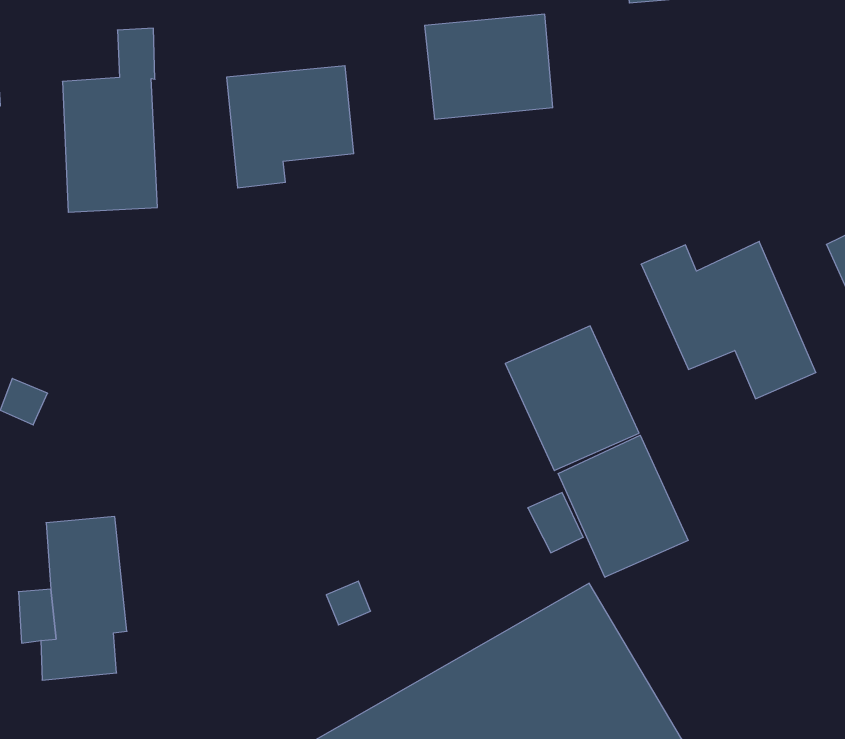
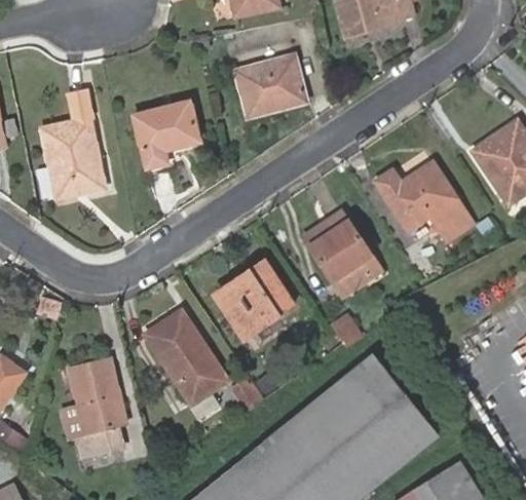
building: none -> [216,265,291,338]
building: [558,435,688,577] -> none
building: none -> [144,311,225,403]

